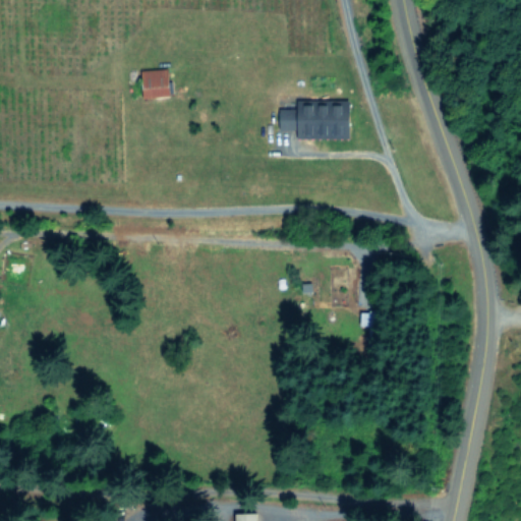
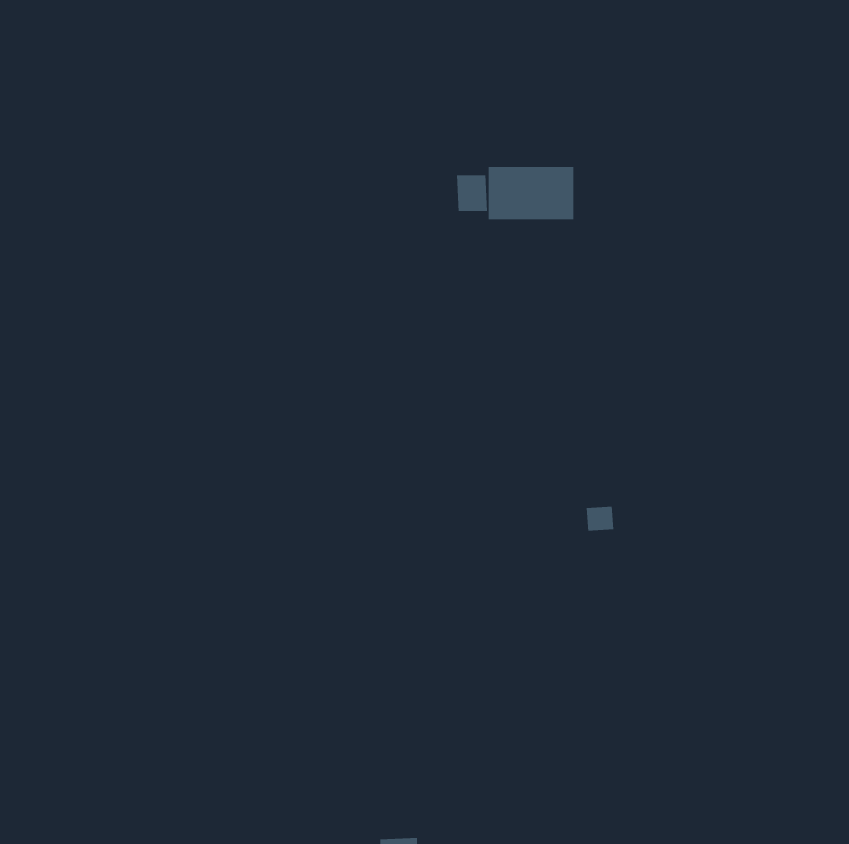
building: [141,72,170,101] -> none

